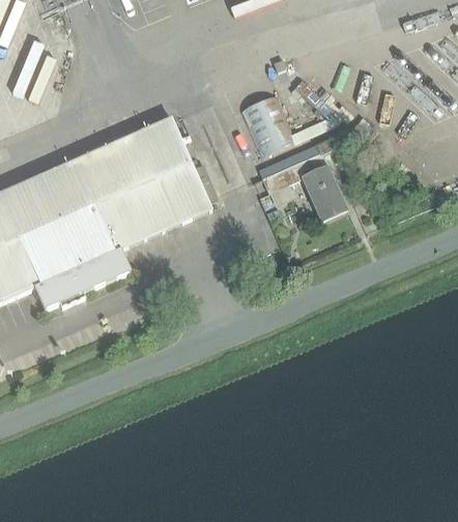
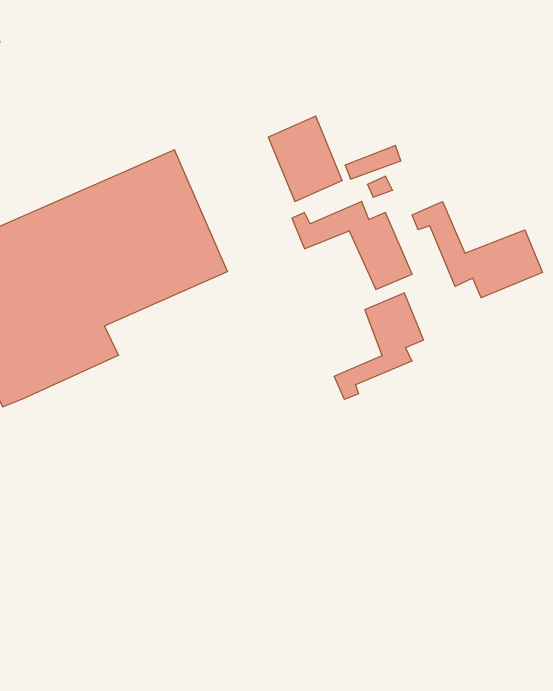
building: none -> [412,202,543,298]
building: none -> [334,293,424,399]

